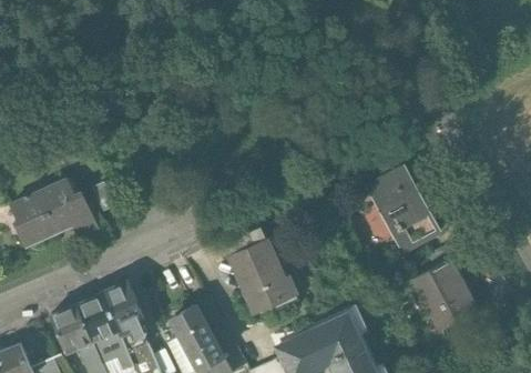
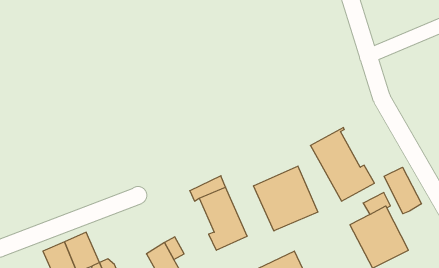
building: [14,179,99,245] -> none
building: none -> [254,166,318,231]
building: none -> [384,167,421,214]
building: [102,281,144,329] -> none

